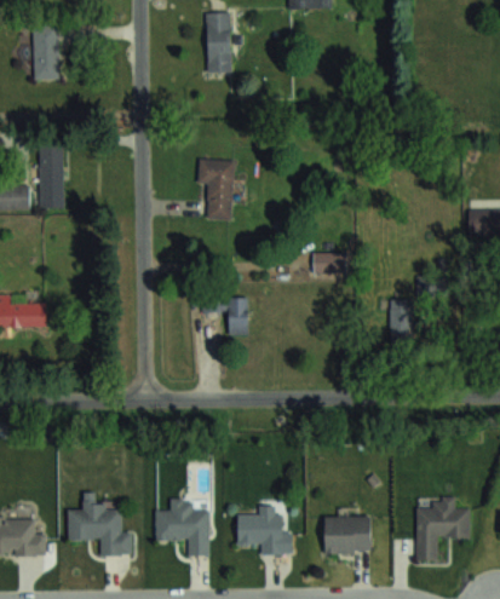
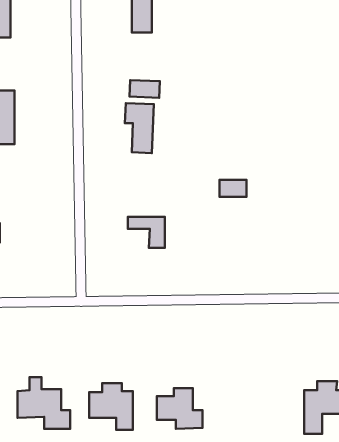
building: none -> [129,80,160,98]
building: [390,300,418,342] -> none
building: [324,517,370,554] -> none

